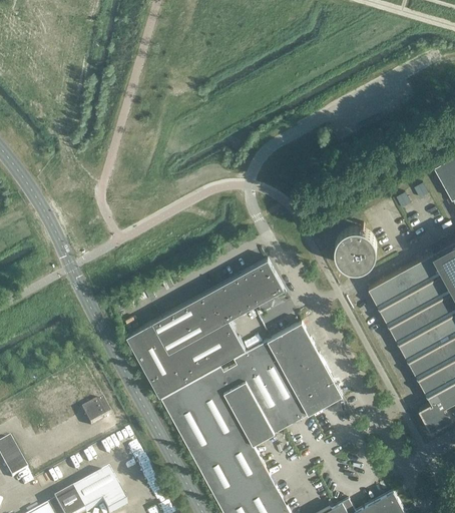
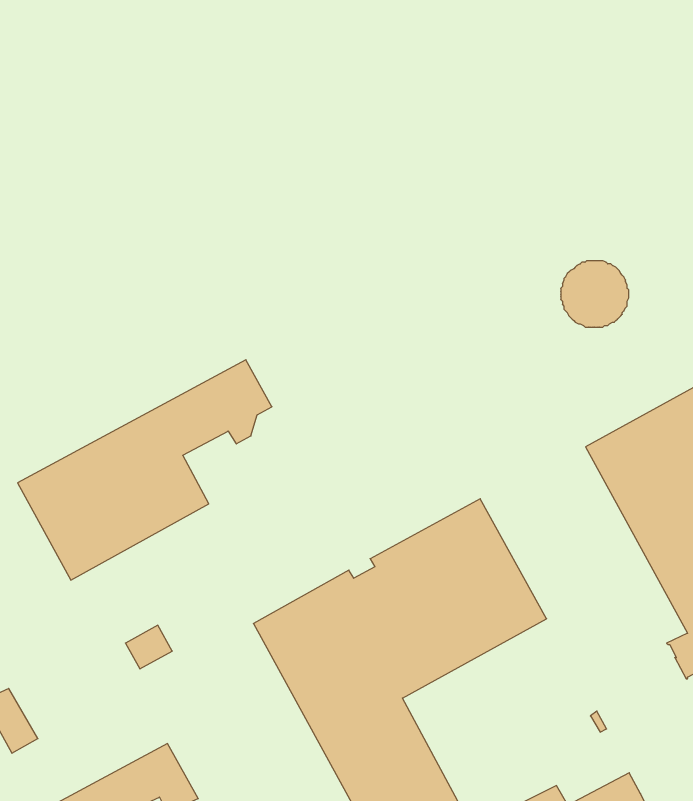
building: [334,229,376,271] -> [561,261,629,327]
building: [125,263,283,399] -> [18,360,272,580]

